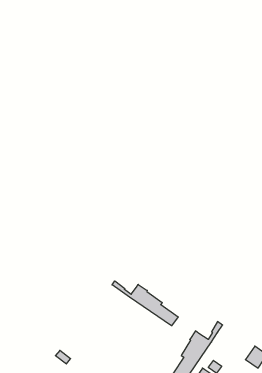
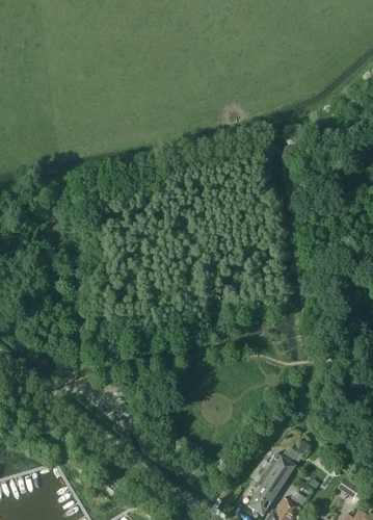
building: [112,281,178,326] -> none

